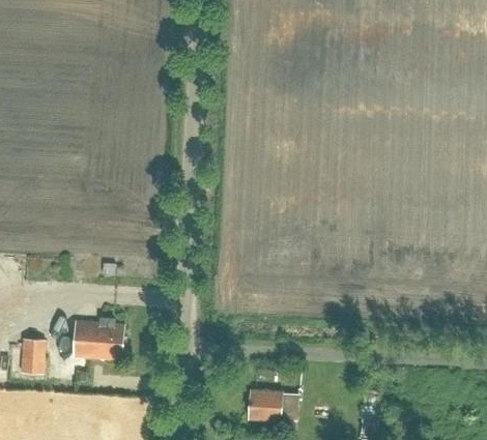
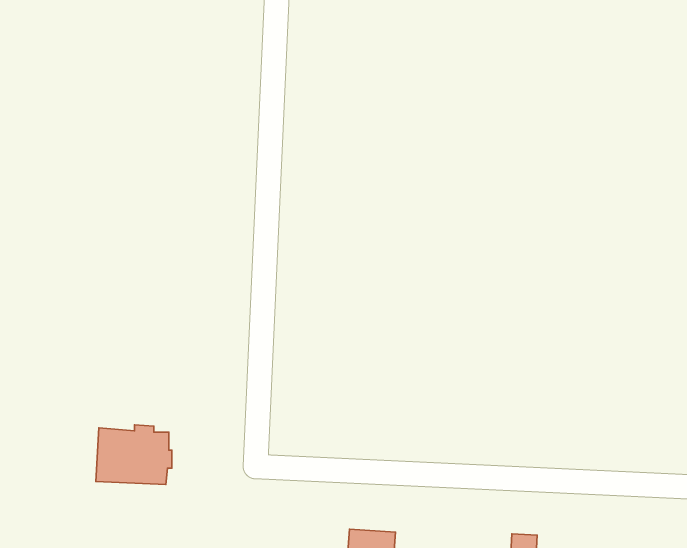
building: [21,338,46,373] -> none

